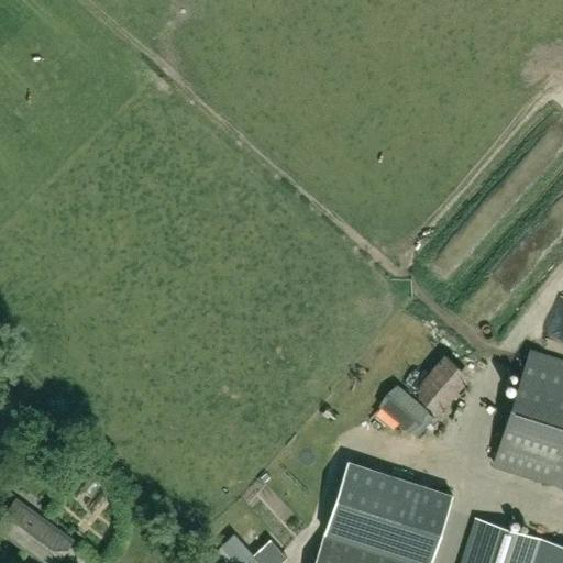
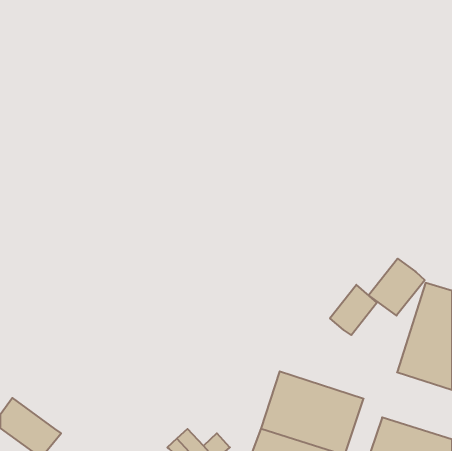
building: none -> [369,259,425,316]
building: [379,386,433,438] -> none

